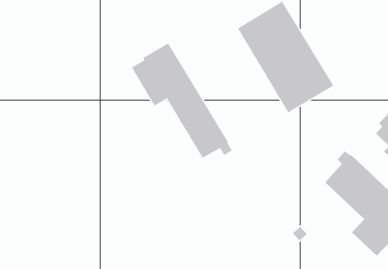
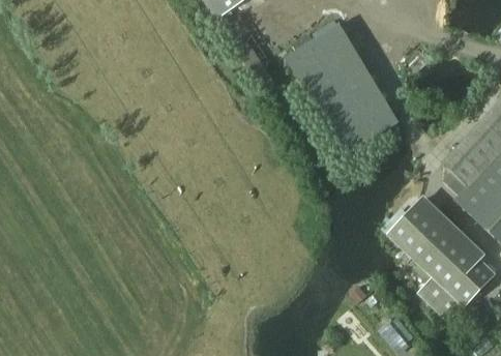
building: [131,42,233,158] -> none

